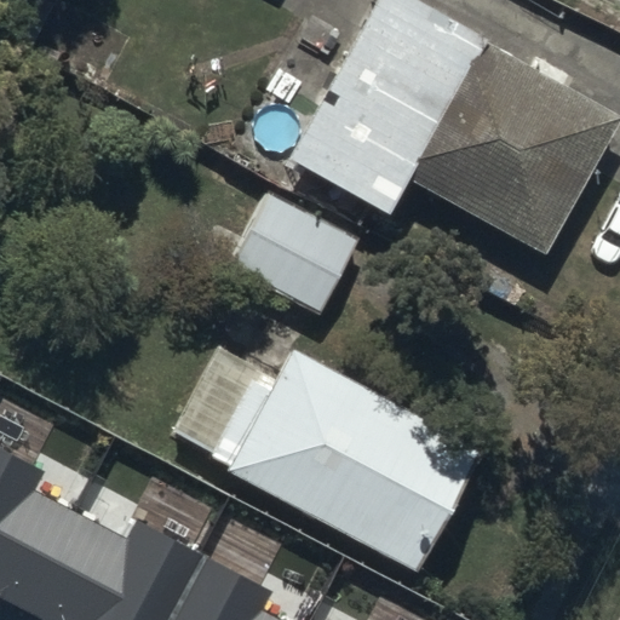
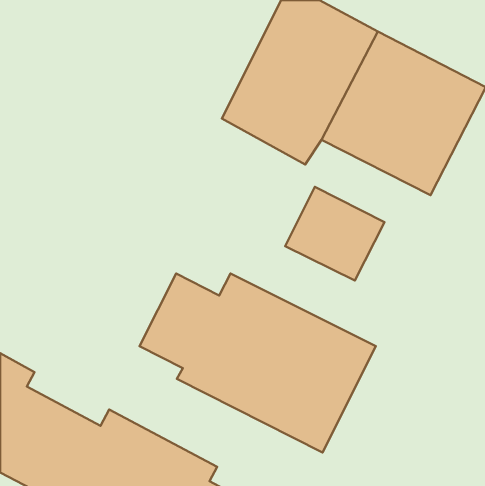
building: [235,195,361,314] -> [285,187,385,281]

